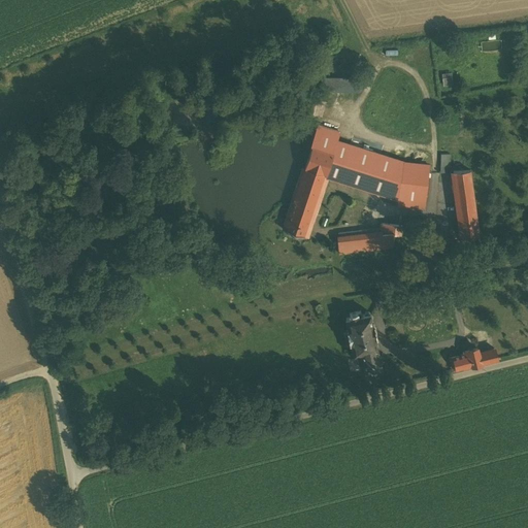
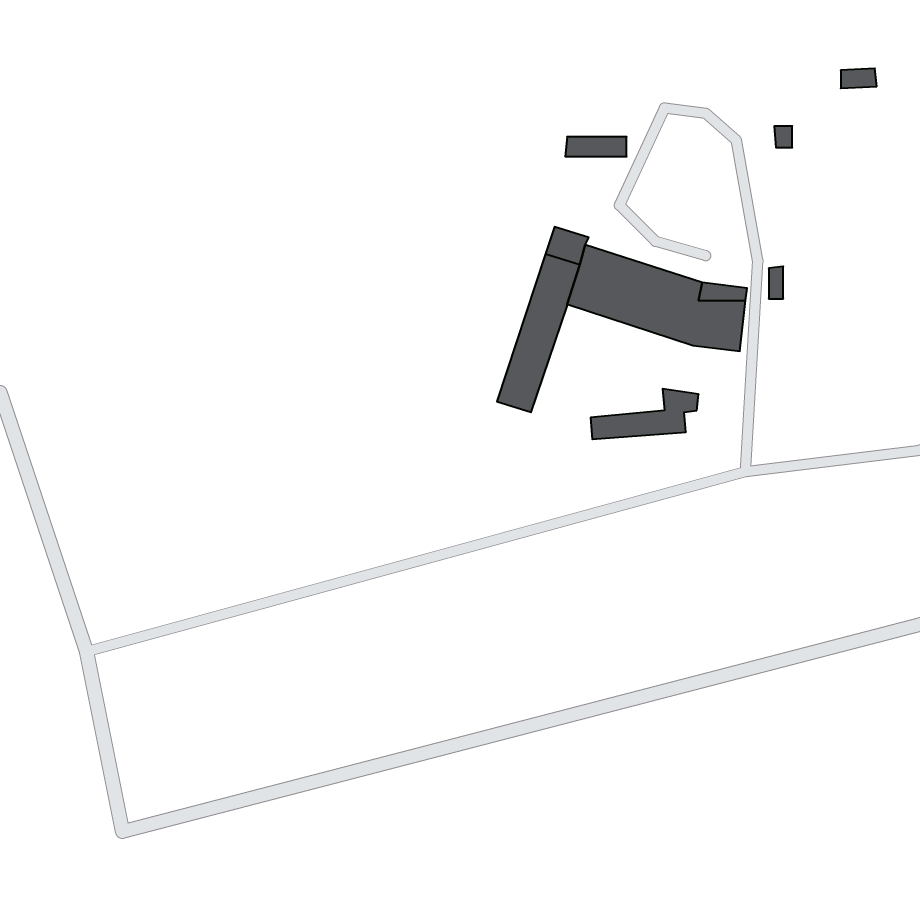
building: [453,171,480,238] -> none
building: [343,312,382,372] -> none
building: [449,349,497,371] -> none

